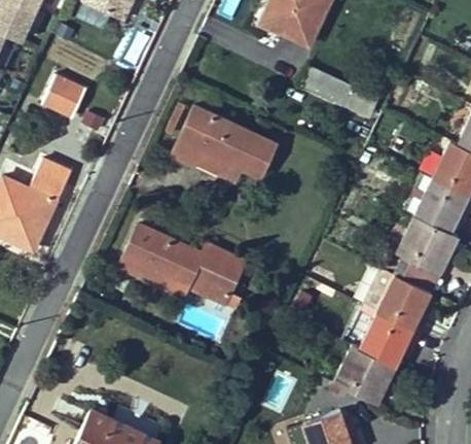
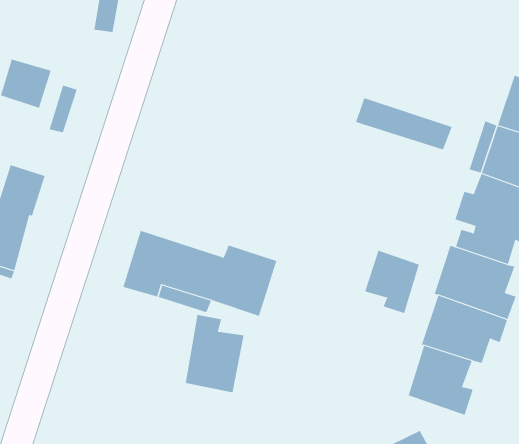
building: [299,67,375,116] -> [355,98,452,150]
building: [174,107,276,181] -> none
building: none -> [364,250,420,314]
building: none -> [185,314,244,393]

